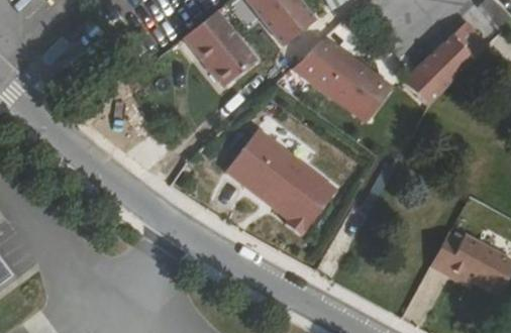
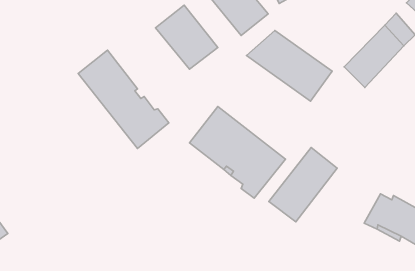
building: none -> [78,50,169,149]
building: none -> [269,148,337,222]

